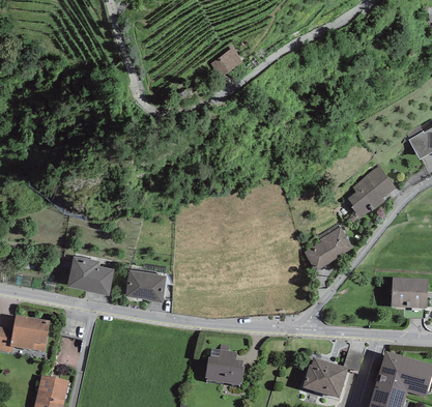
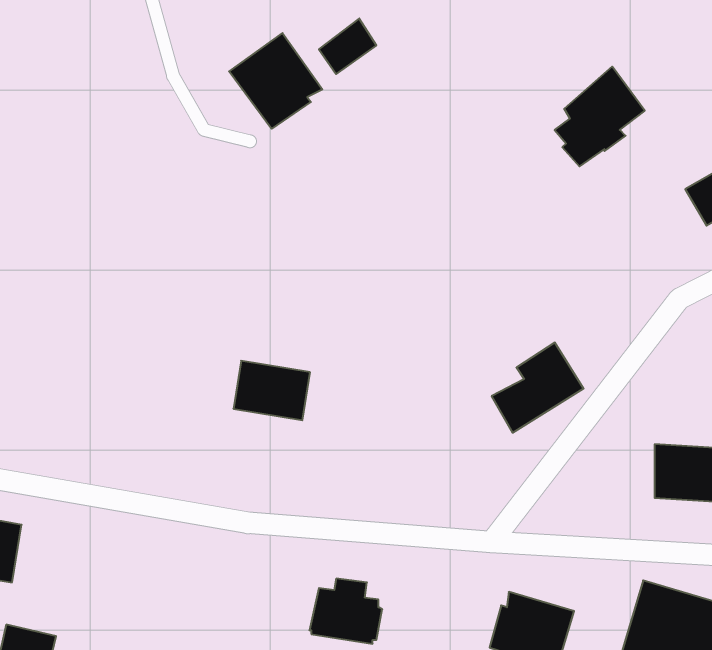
building: none -> [229,33,322,129]
building: [347,164,396,217] -> [555,67,645,166]
building: [66,256,114,295] -> none
building: [124,269,166,301] -> [233,361,310,420]

